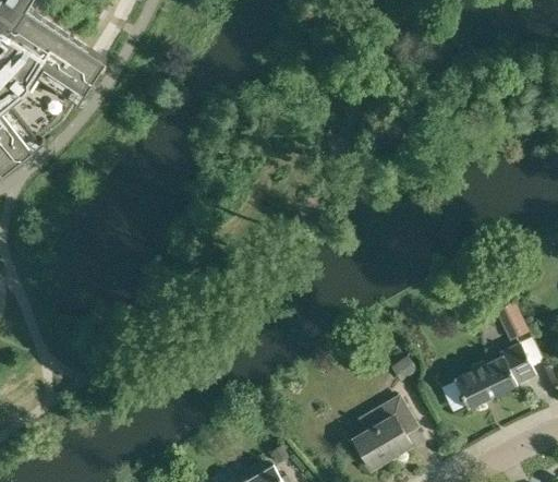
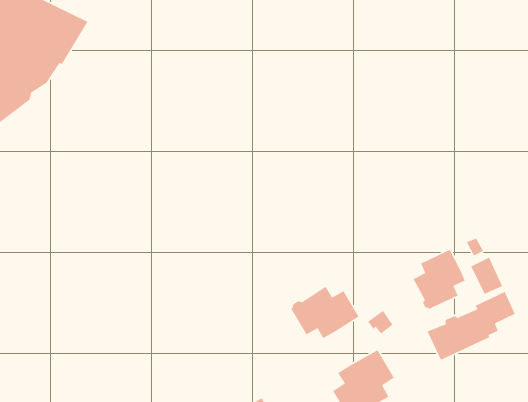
building: none -> [413,249,466,310]
building: none -> [290,286,360,339]

